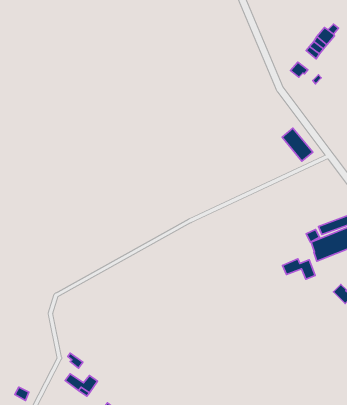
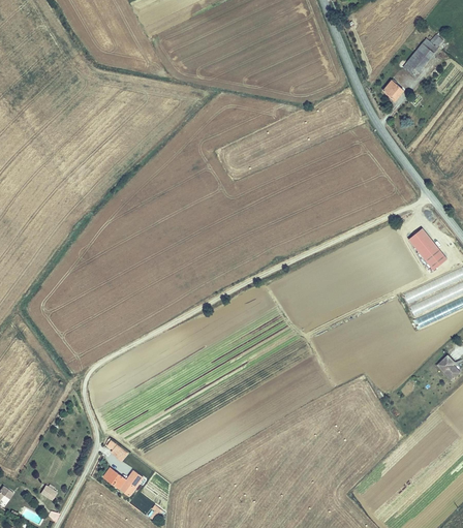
building: [282,128,313,161] -> [408,228,446,270]
building: [283,259,315,279] -> none

